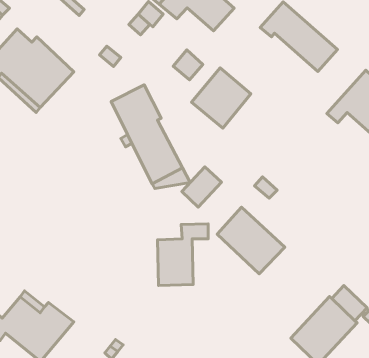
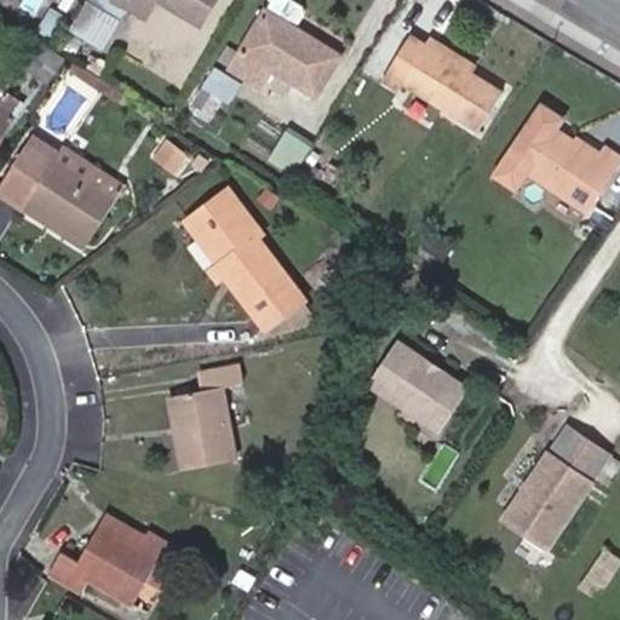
building: [191,68,251,128] -> none
building: [182,167,221,207] -> none
building: [158,224,208,285] -> [171,363,243,464]

